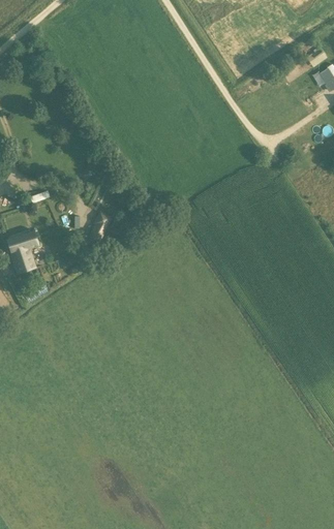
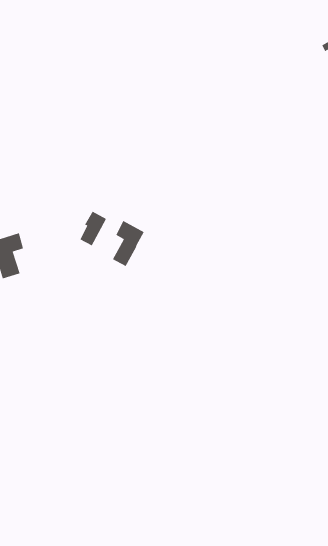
building: none -> [112,220,144,267]

